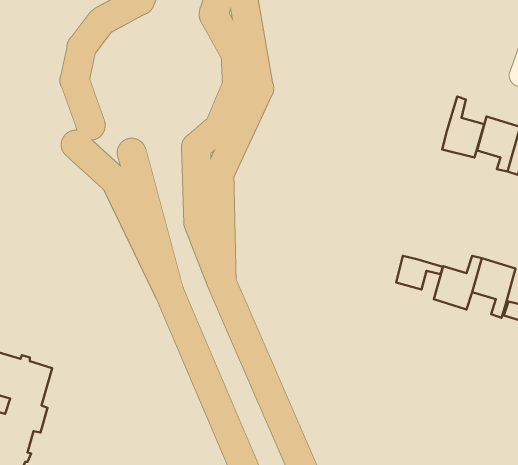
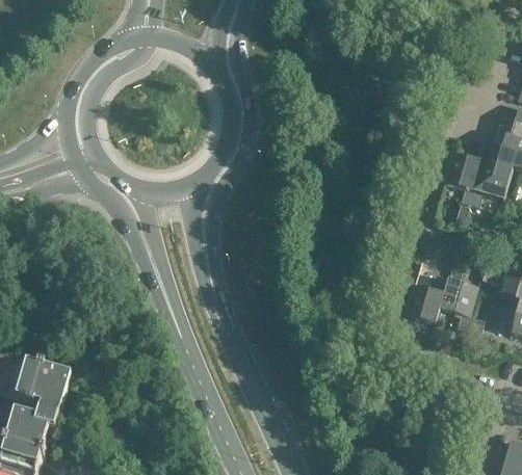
building: [442,97,484,158] -> none
building: [396,256,443,290] -> none

